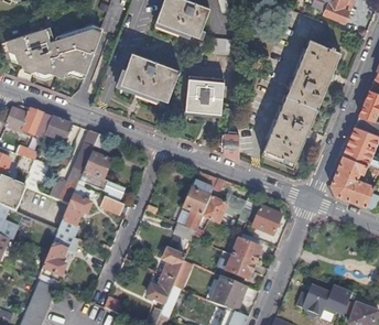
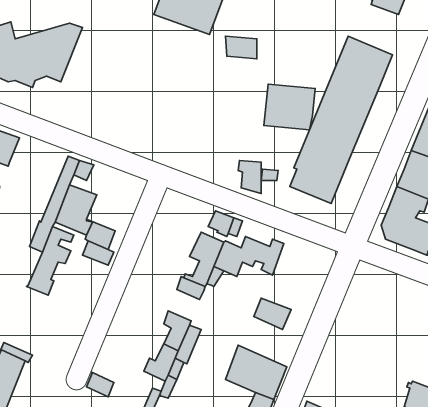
building: [119,52,178,100] -> none
building: [185,78,225,113] -> [264,84,315,130]
building: [44,116,73,142] -> none
building: [252,206,281,235] -> none
building: [42,230,74,275] -> none
building: [216,250,255,279] -> none
building: [296,284,350,318] -> none

